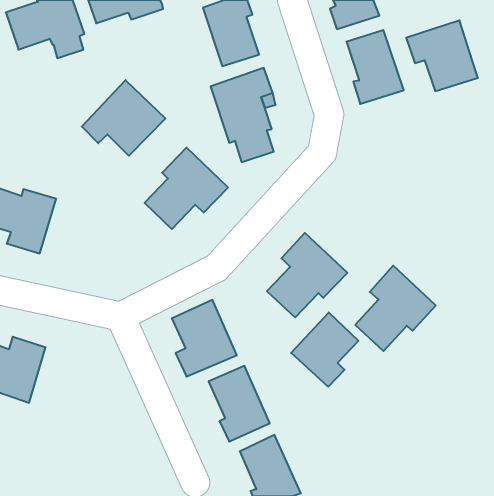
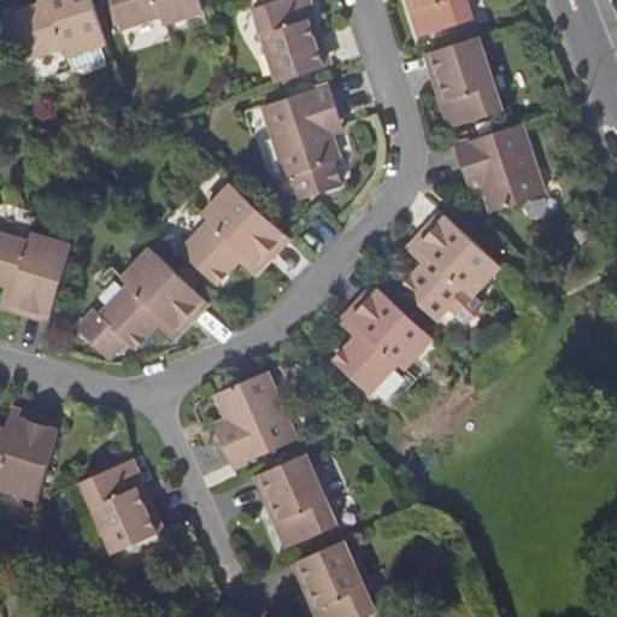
building: [406,20,478,91] -> [453,124,542,212]
building: [82,80,165,156] -> none
building: none -> [81,248,201,355]
building: [355,266,436,351] -> [399,216,499,322]
building: [291,312,358,387] -> none
building: none -> [80,460,154,554]

